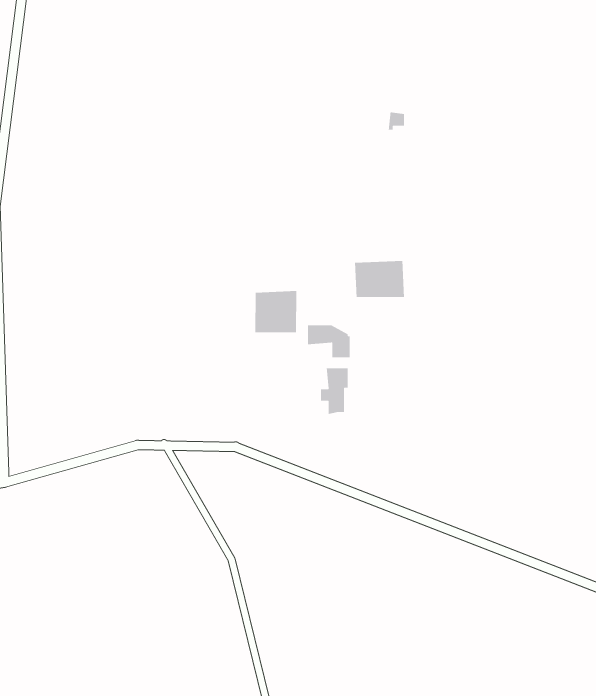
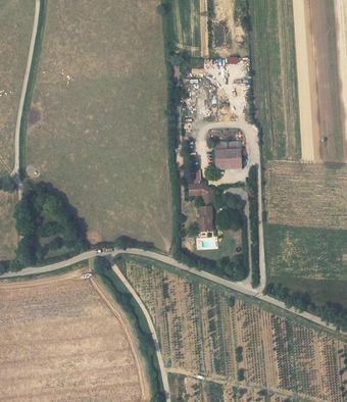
building: [255,290,297,333] -> none

